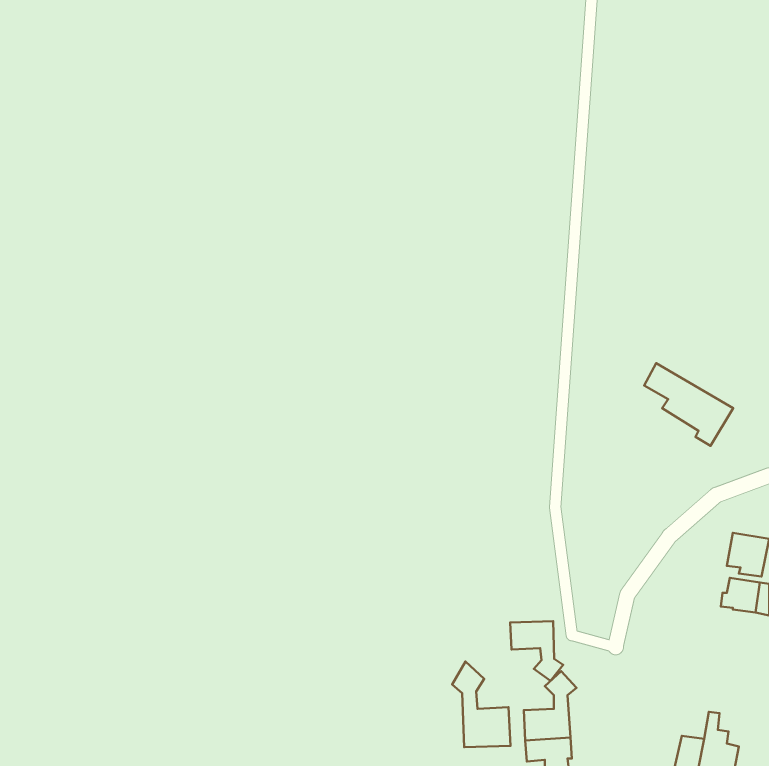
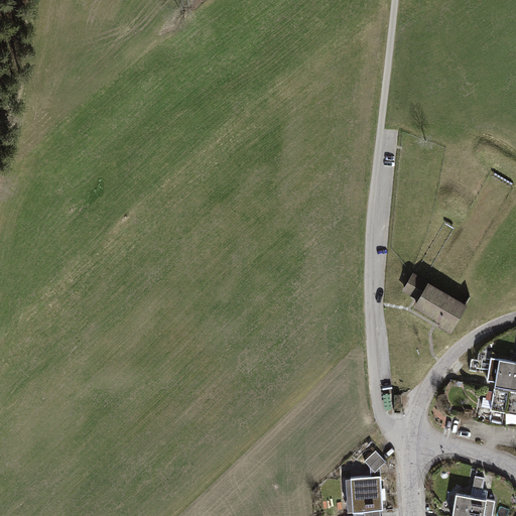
building: [644,363,733,446] -> [405,276,465,332]
building: [510,621,563,681] -> none
building: [452,662,510,747] -> none

